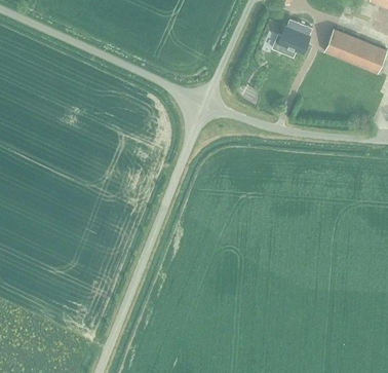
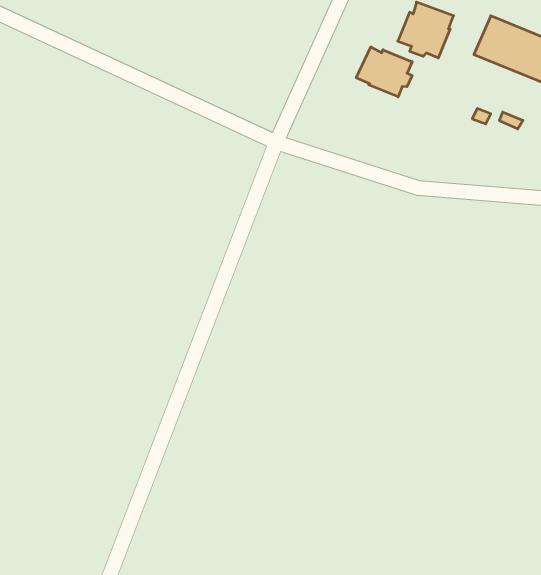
building: none -> [356,47,412,97]

